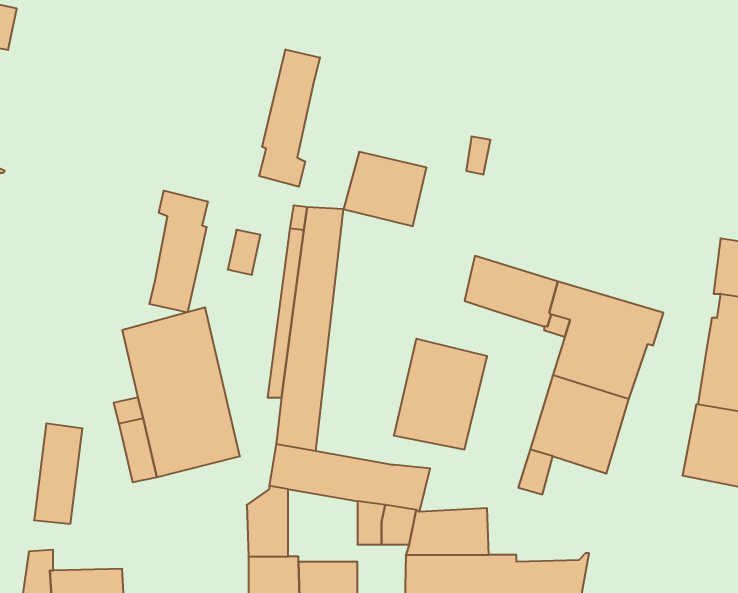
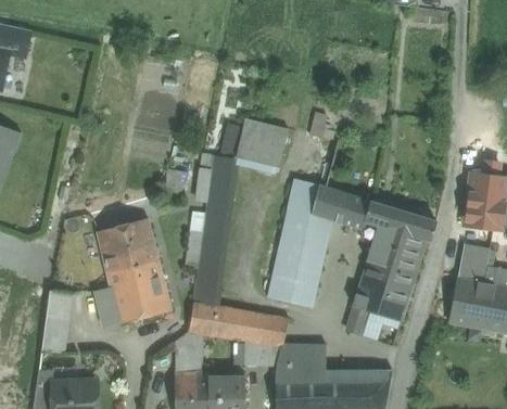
building: [259,49,320,187] -> none
building: [149,191,208,312] -> none
building: none -> [281,178,331,247]

